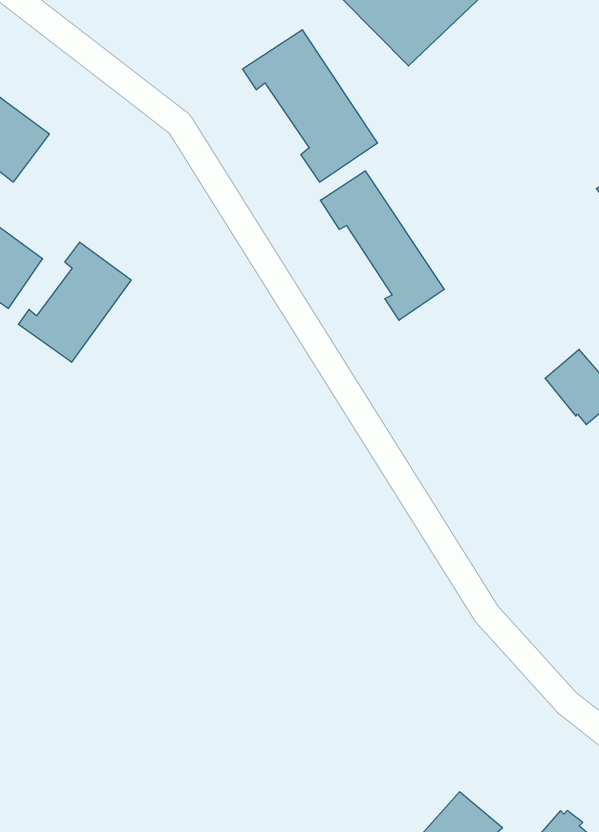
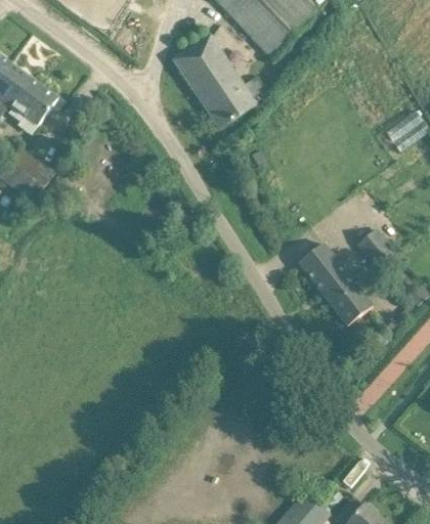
building: [320,171,444,320] -> none
building: [18,242,131,362] -> none
building: none -> [298,244,373,326]

